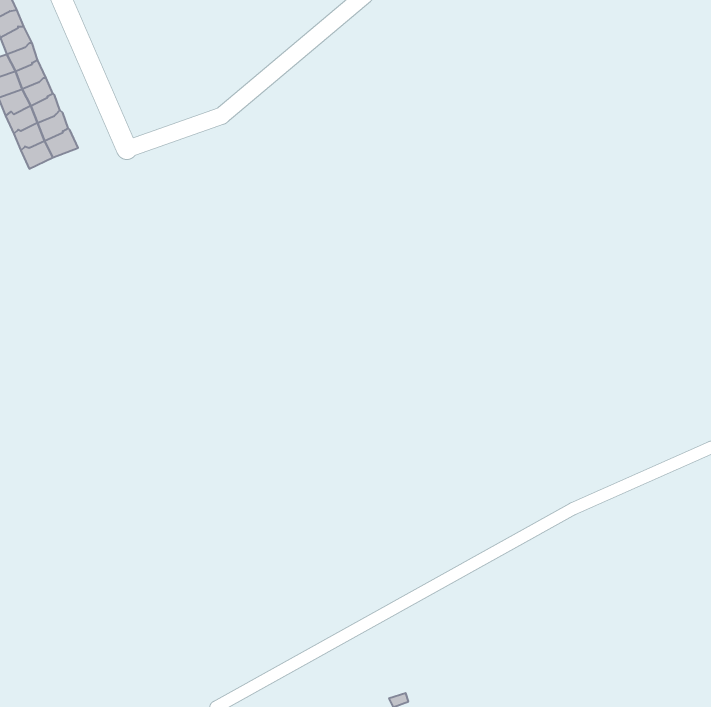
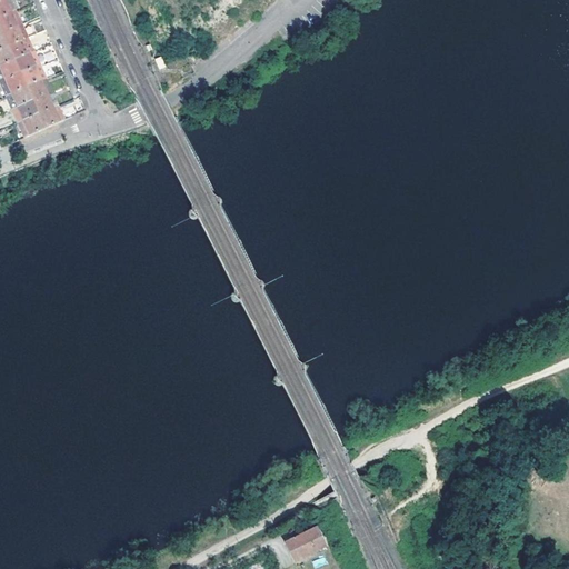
building: none -> [287,526,327,559]

